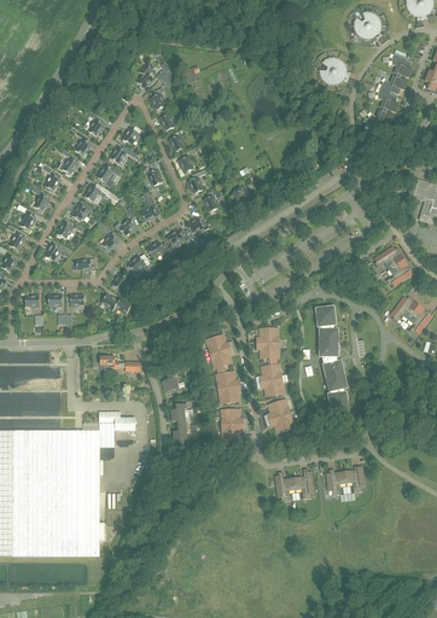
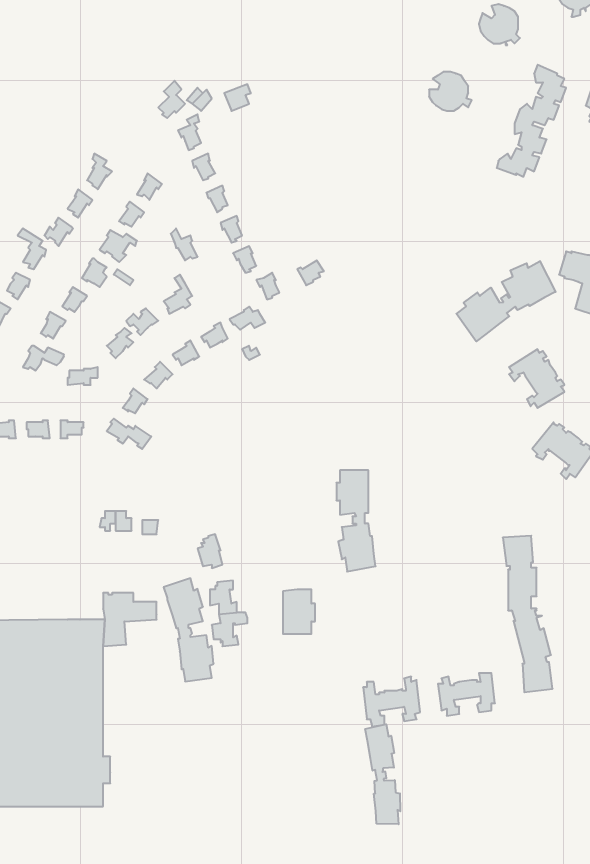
building: none -> [456,261,556,341]
building: [315,305,349,412] -> [503,536,553,692]
building: [206,332,240,402] -> [164,578,214,681]
building: [267,400,293,433] -> none
building: none -> [365,724,400,824]

